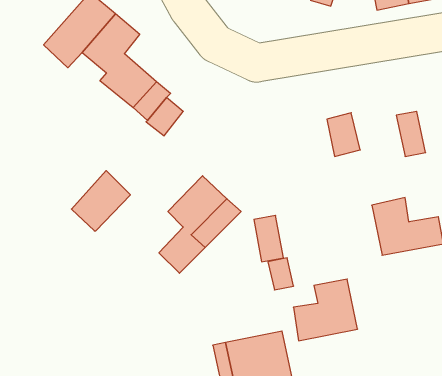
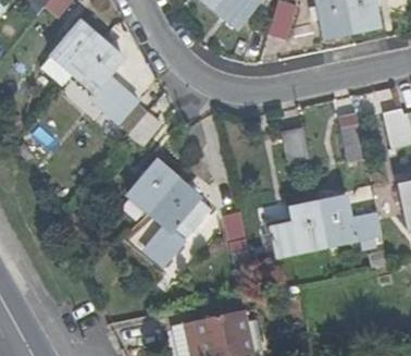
building: [71,171,130,231] -> [126,157,176,208]
building: [293,279,358,341] -> [274,202,328,255]

